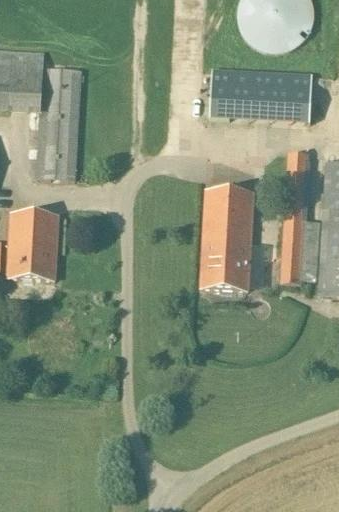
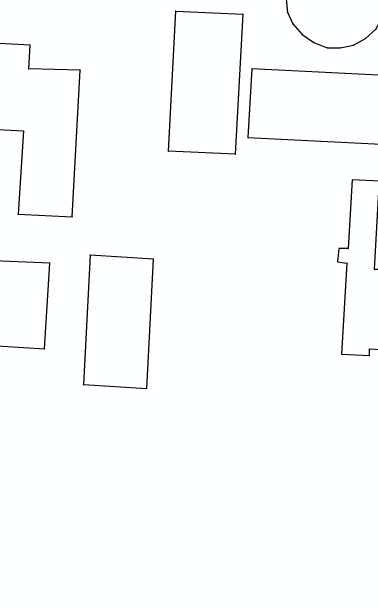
building: none -> [168,11,243,154]
building: [200,188,253,289] -> [83,255,153,388]

